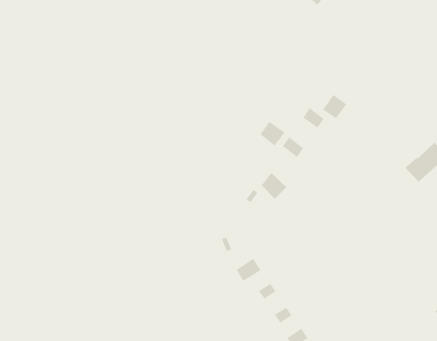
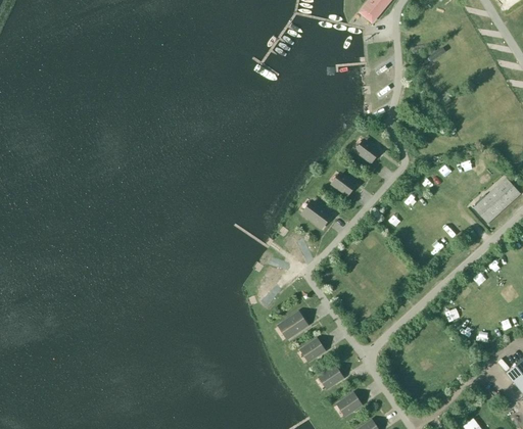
building: [322,94,347,119] -> none
building: [259,121,285,147] -> none

